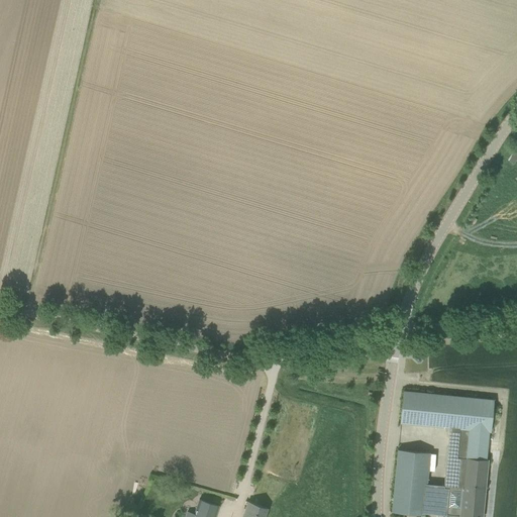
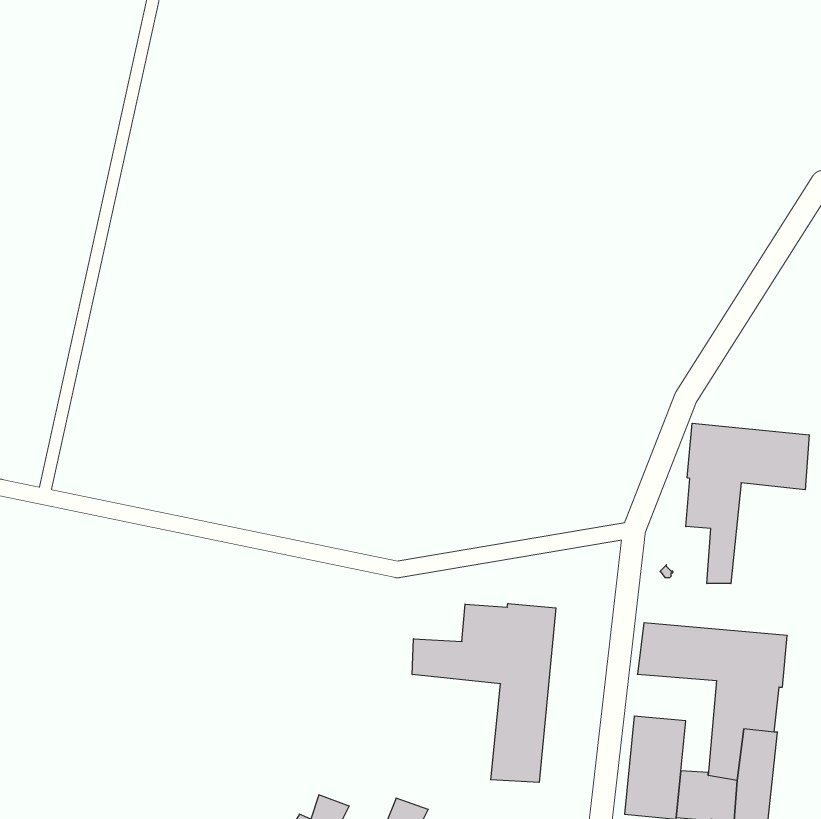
building: none -> [686,423,809,584]
building: none -> [412,603,556,782]

